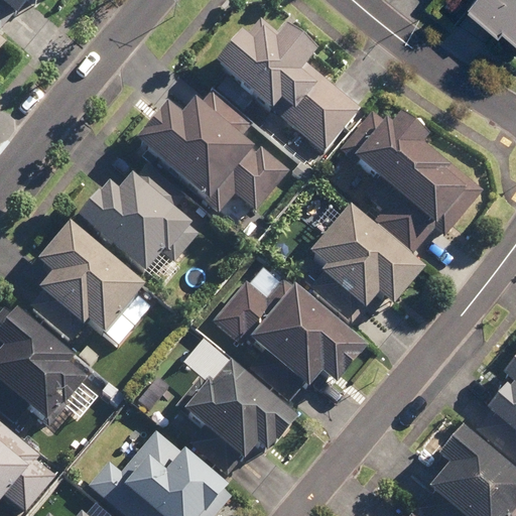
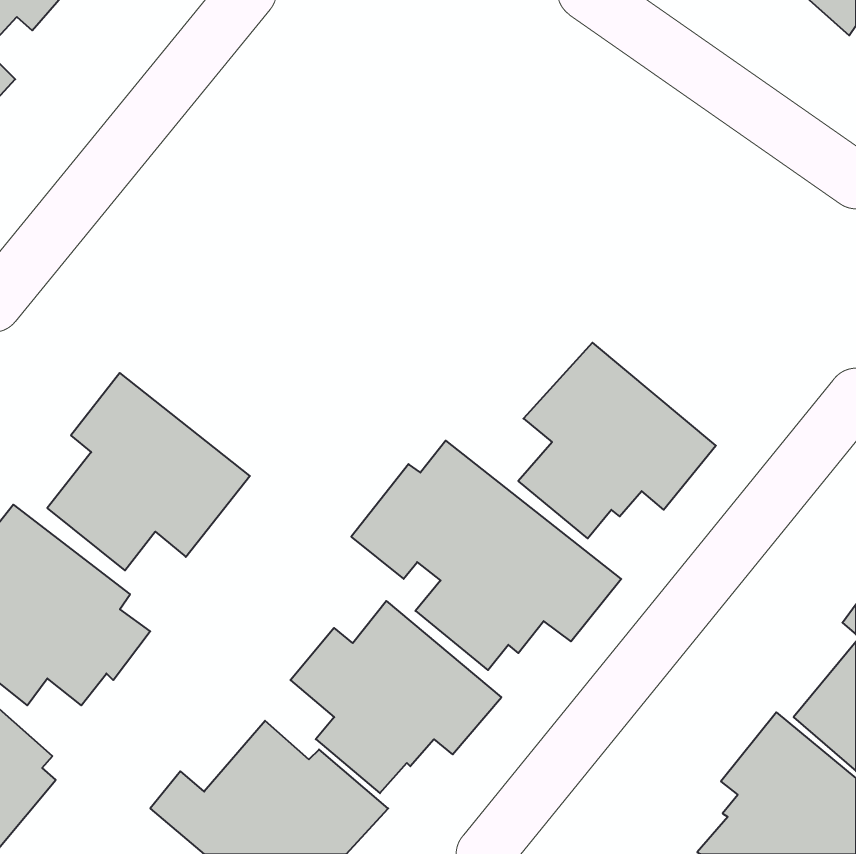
building: [218,14,361,151] -> none
building: [137,92,289,208] -> none
building: [339,107,472,250] -> none
building: [83,162,198,272] -> none

